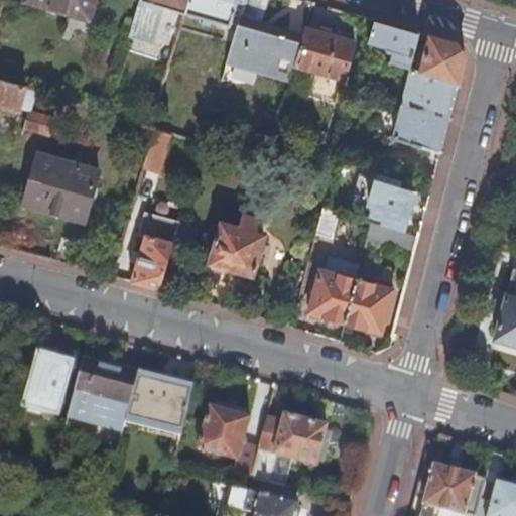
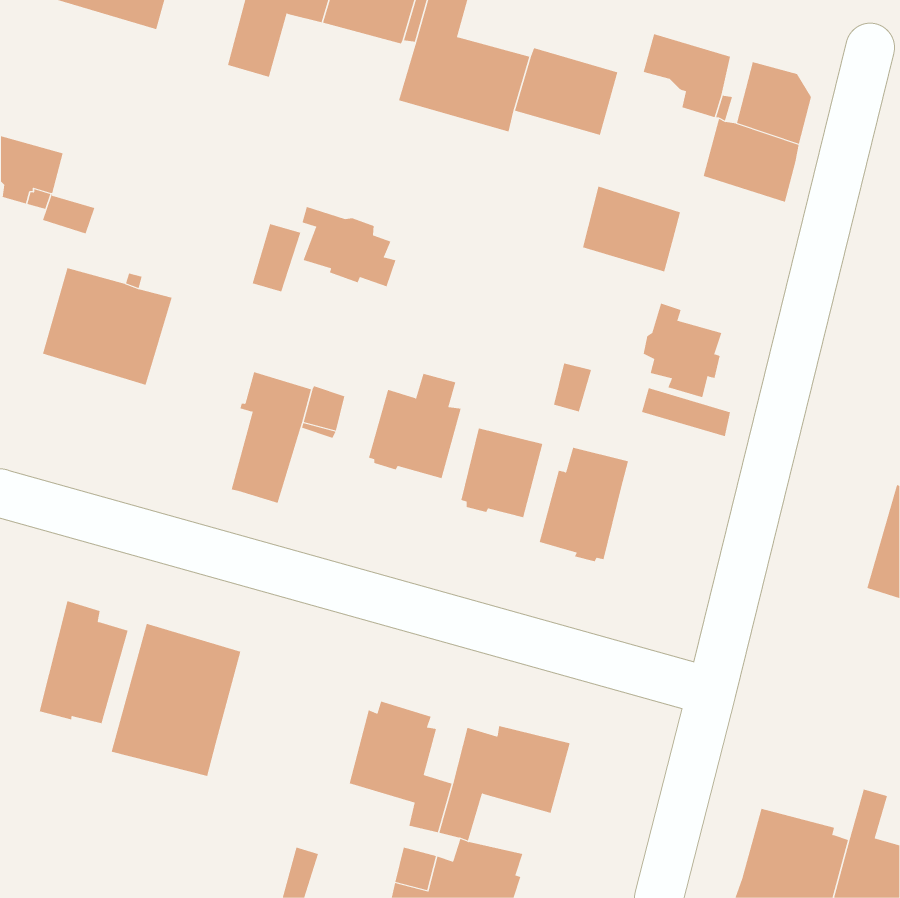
building: [393,101,449,150] -> [582,186,681,272]
building: none -> [302,206,396,287]
building: [346,279,393,331] -> [460,428,543,518]
building: [124,373,194,439] -> none

